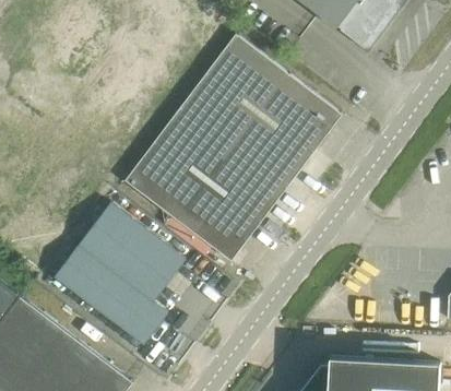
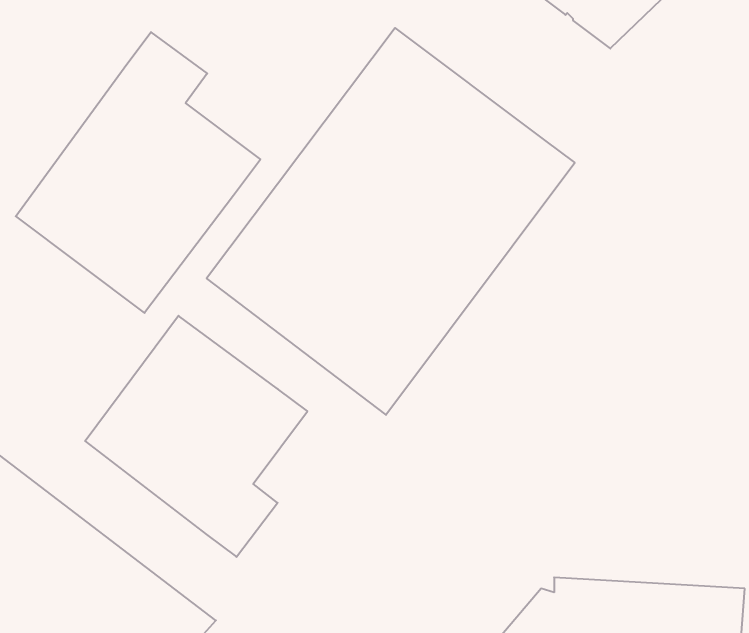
building: none -> [16,32,260,313]

